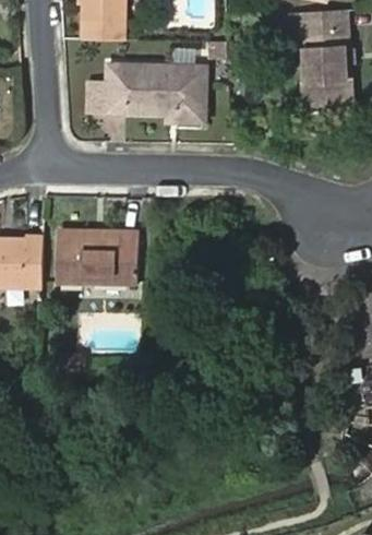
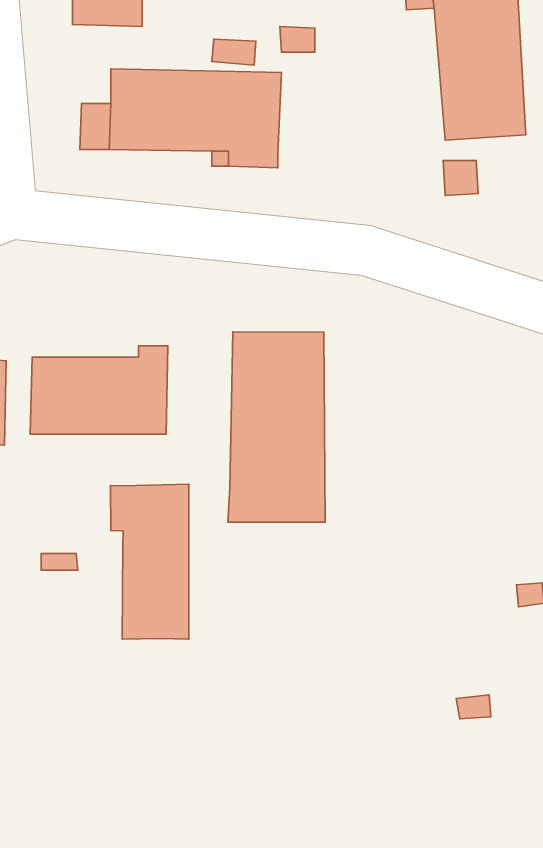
building: none -> [228,332,325,522]
building: none -> [110,484,189,639]

